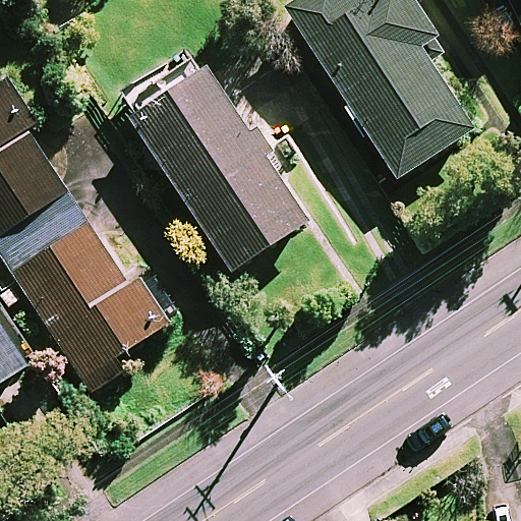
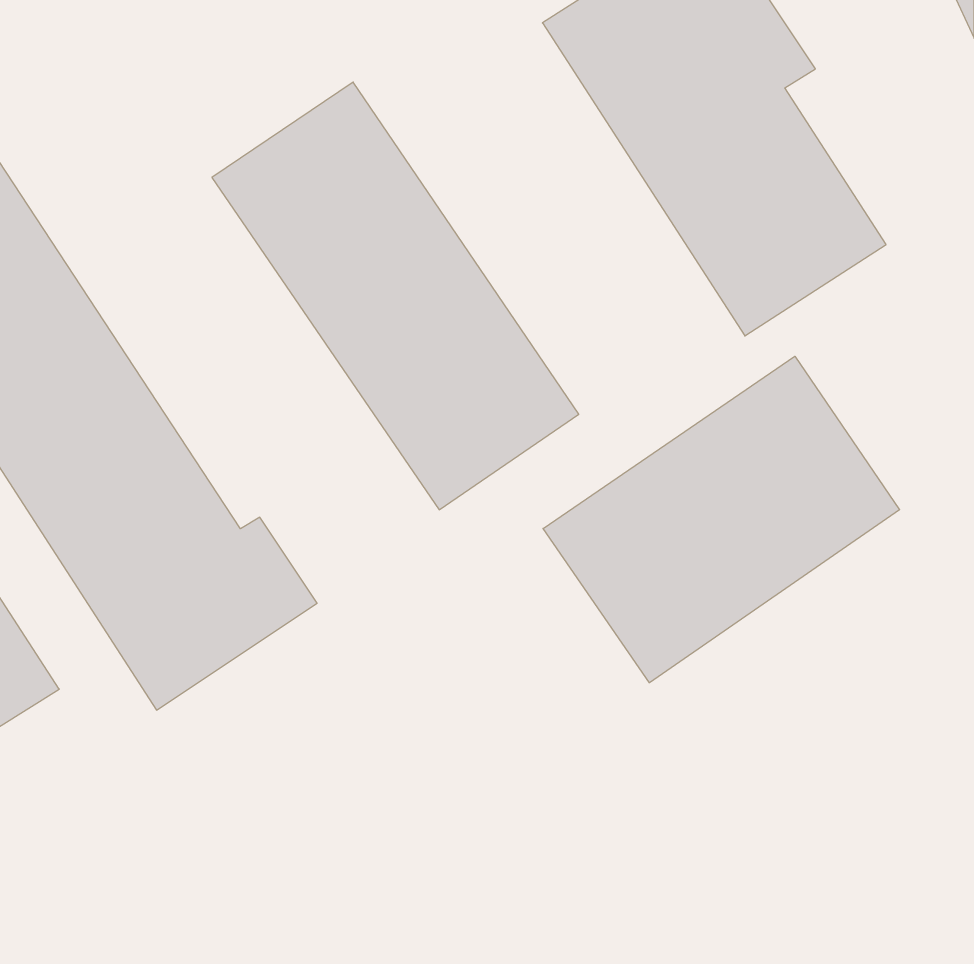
building: none -> [543,356,900,683]

